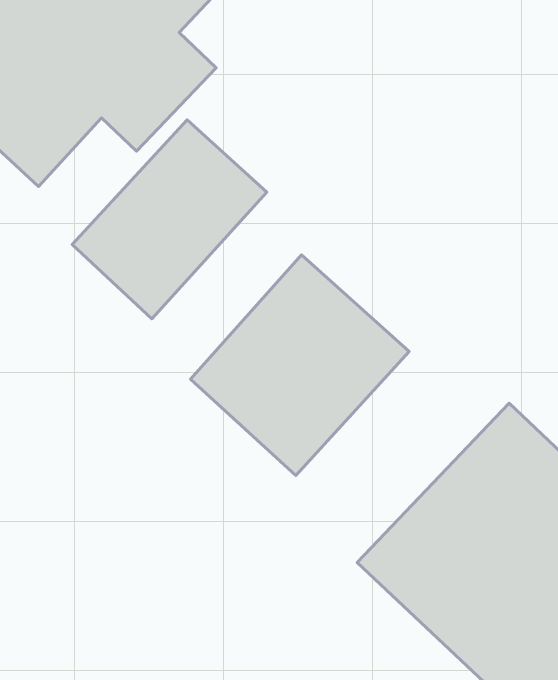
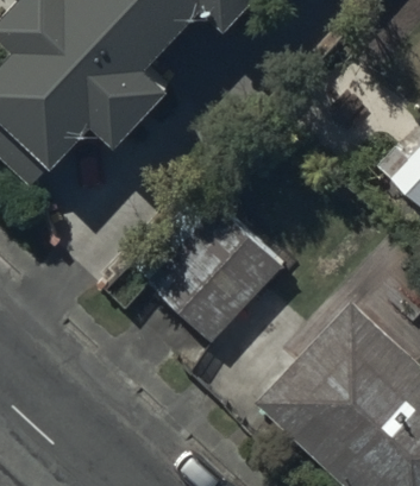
building: [72,120,267,319] -> none

